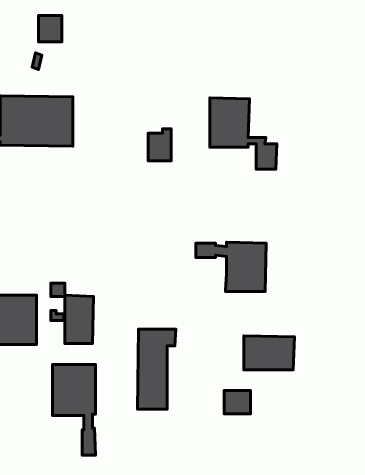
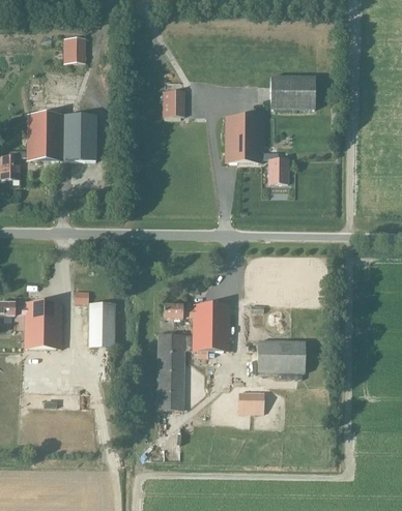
building: none -> [271,76,316,108]
building: [148,129,171,161] -> [164,85,185,115]
building: [196,242,266,291] -> [165,303,231,350]
building: [52,364,95,455] -> none

